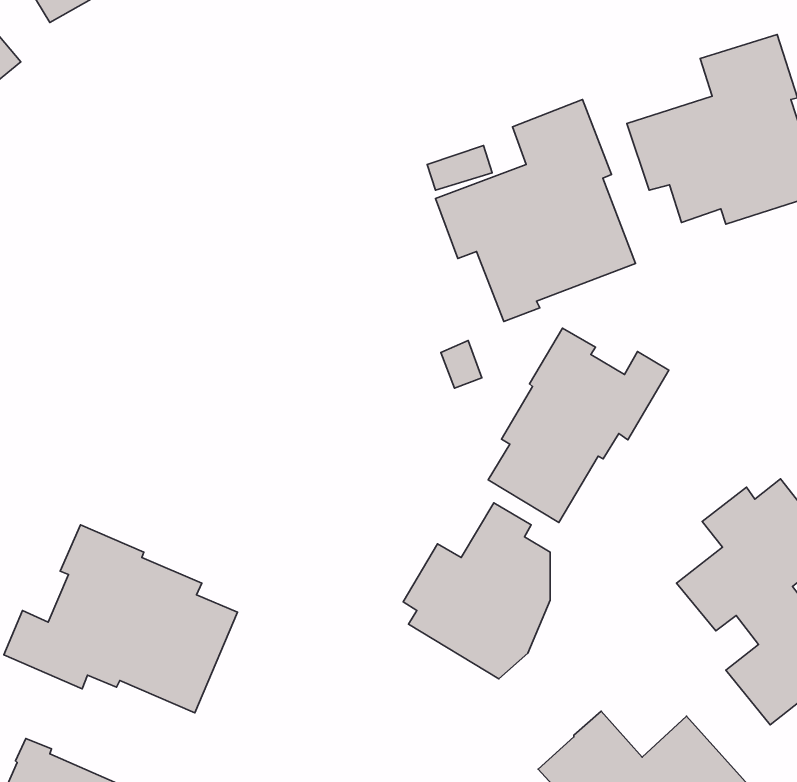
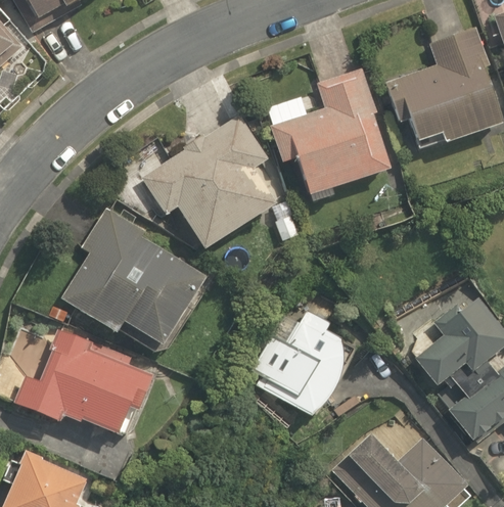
building: none -> [142,116,275,250]
building: [488,328,669,523] -> none
building: none -> [61,209,205,353]

